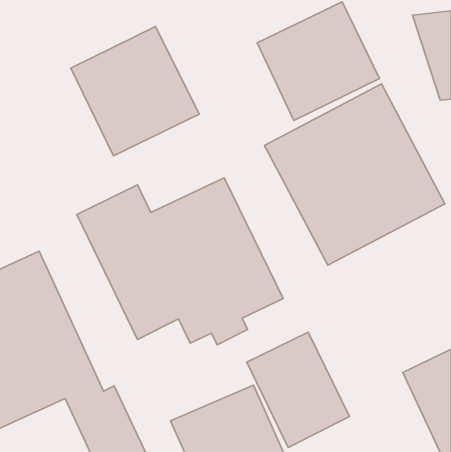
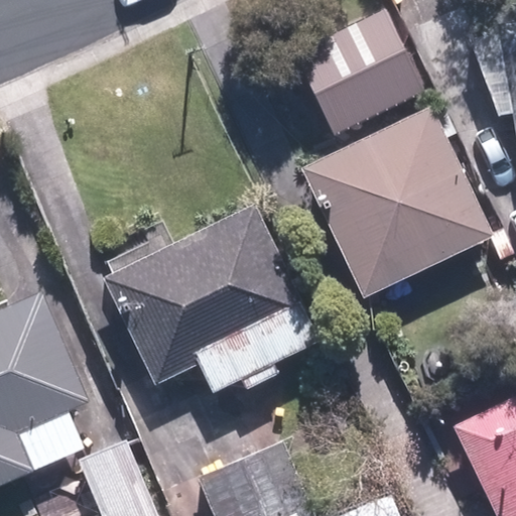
building: [71,27,199,156] -> none
building: [247,332,349,447] -> none

